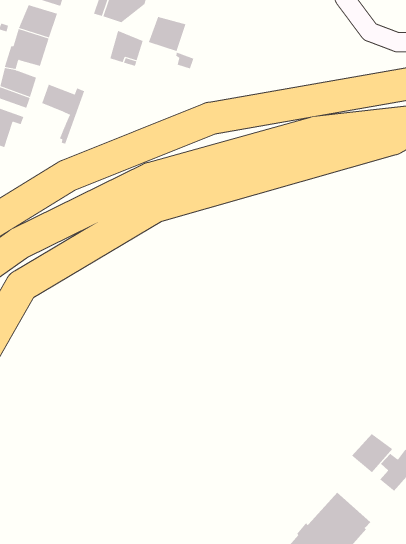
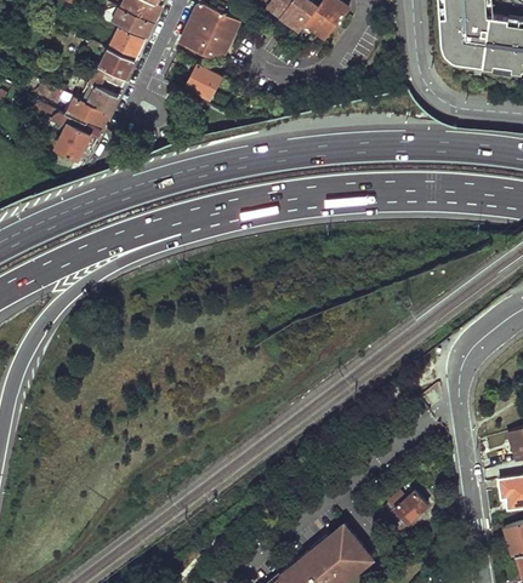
building: [148,16,186,52] -> none
building: [42,84,85,144] -> none
building: [351,433,393,473] -> none

